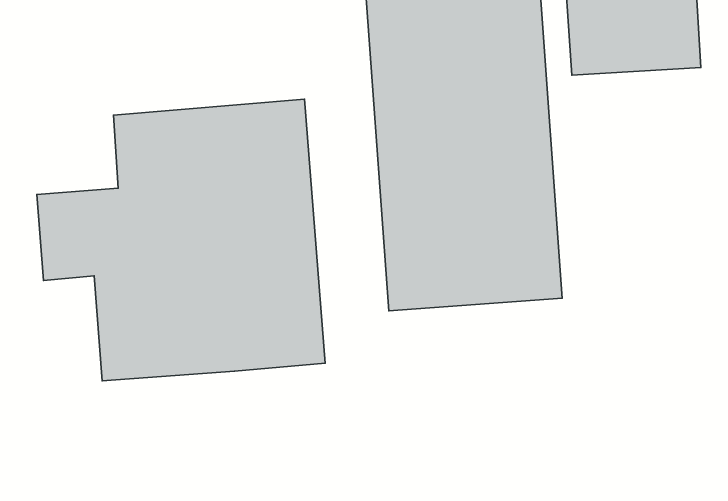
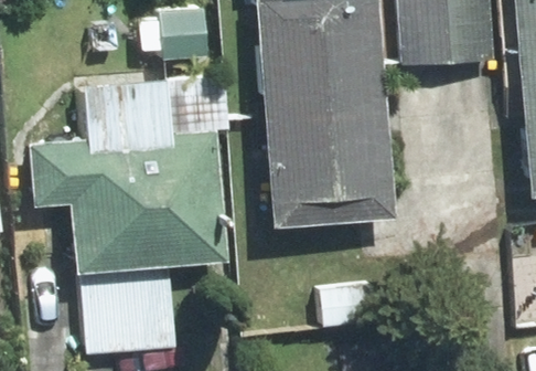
building: none -> [76,269,174,353]

